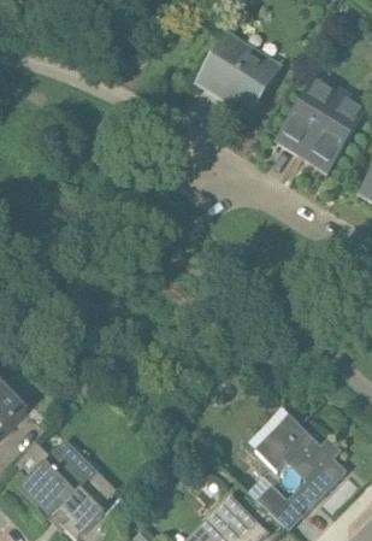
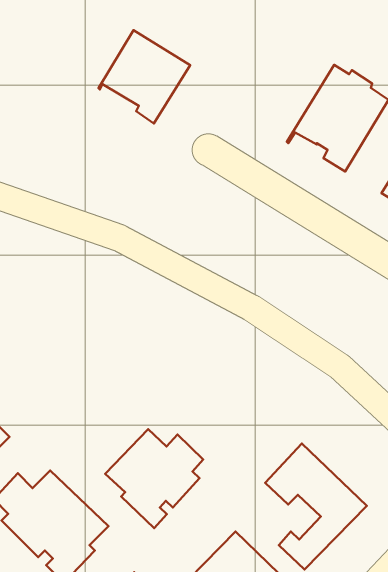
building: [199,33,281,116] -> [98,30,190,123]
building: none -> [105,429,203,528]

